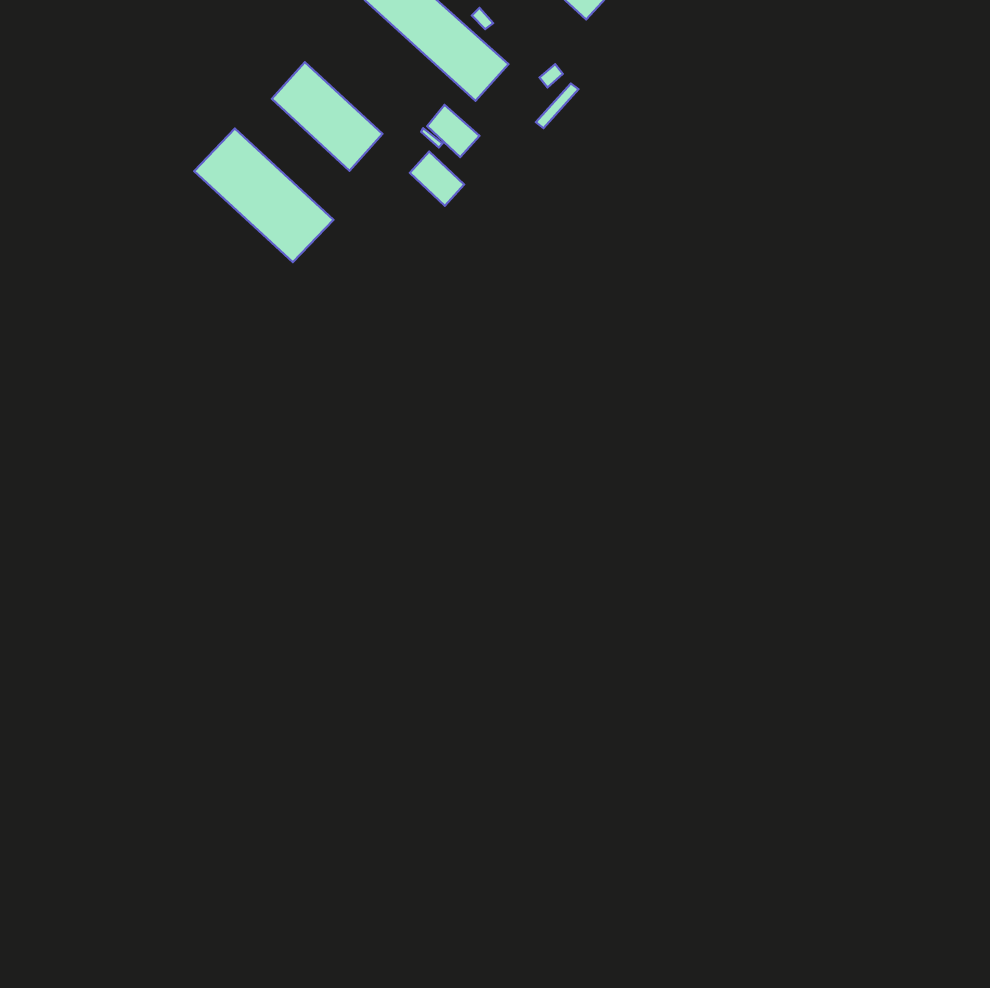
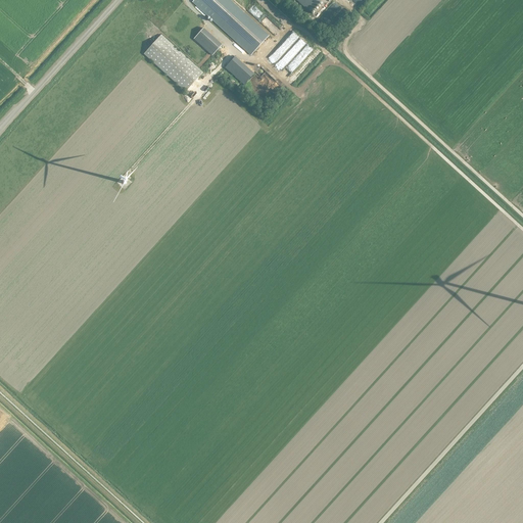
building: [194,129,334,262] -> none
building: [410,152,464,206] -> [192,26,221,54]

